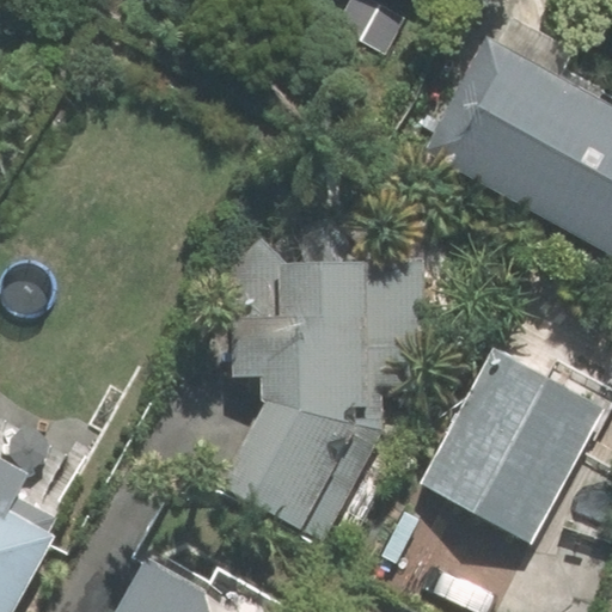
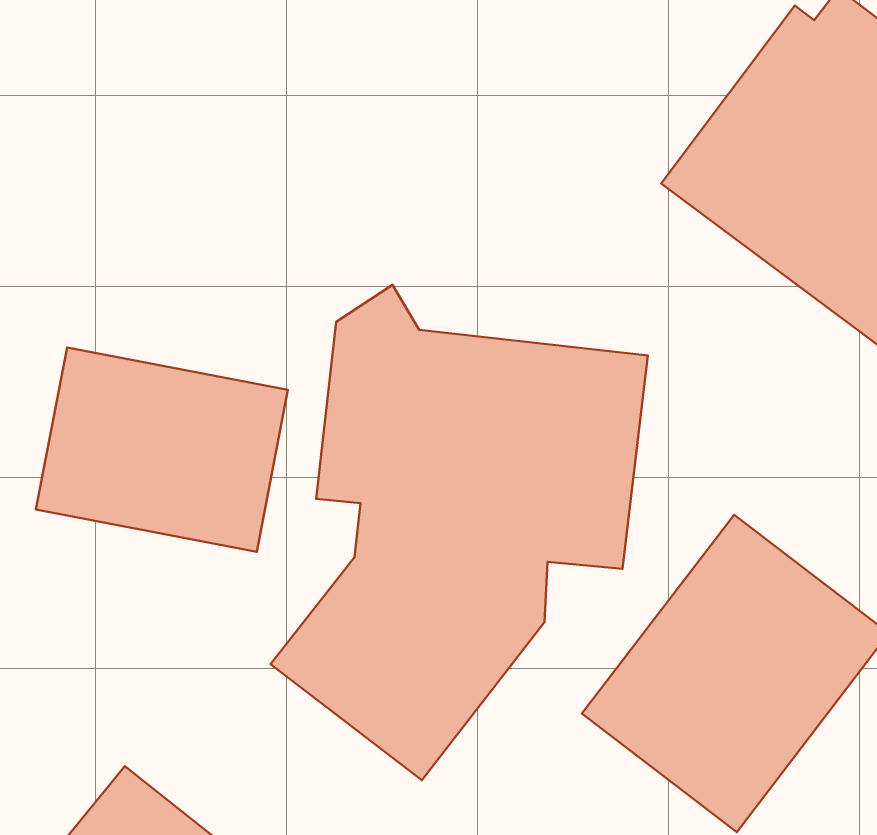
building: none -> [36,347,288,552]

